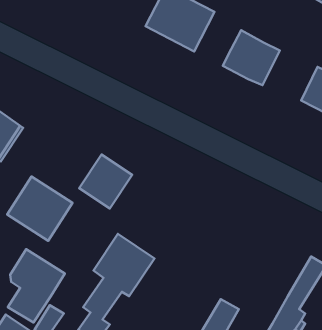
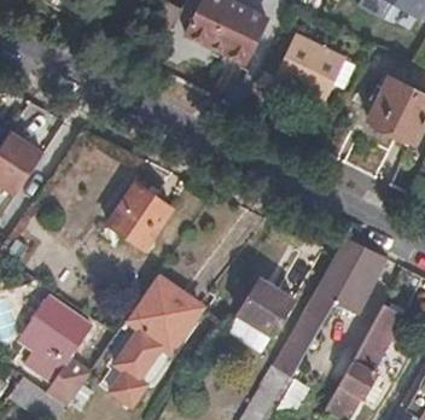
building: [7,177,72,241] -> none
building: none -> [283,238,386,361]
building: none -> [226,281,292,352]

